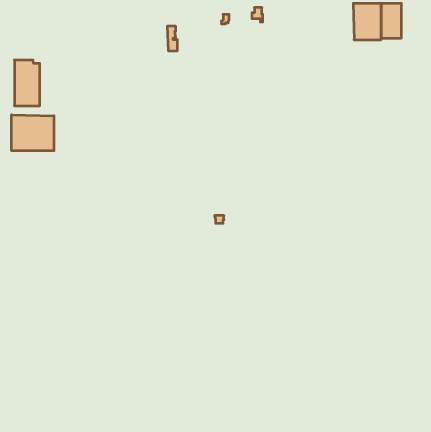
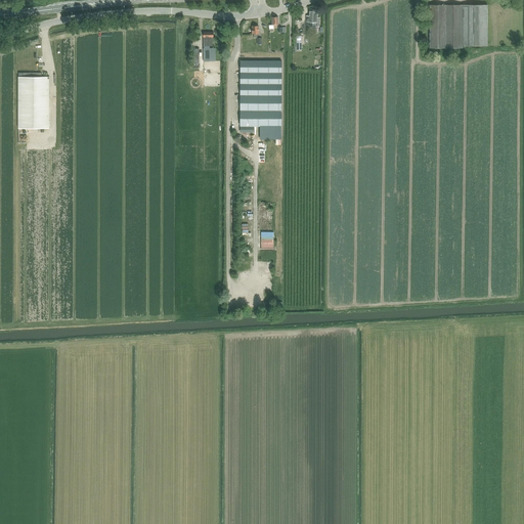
building: none -> [239,60,280,126]
building: [12,115,54,151] -> none

